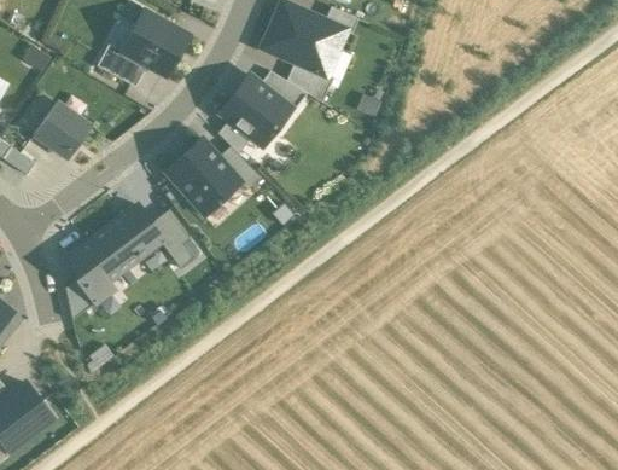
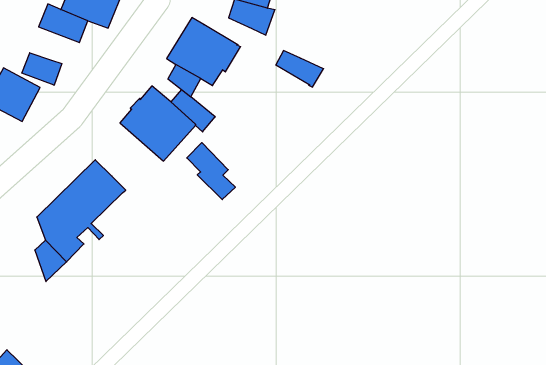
building: [261,70,308,110] -> [276,51,324,87]
building: none -> [22,53,62,85]
building: [151,209,196,268] -> [187,143,235,200]

